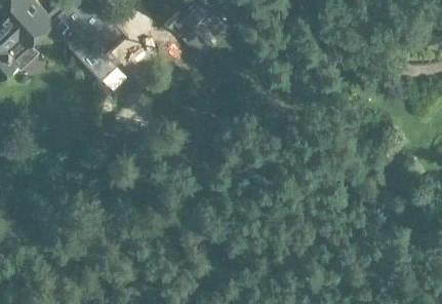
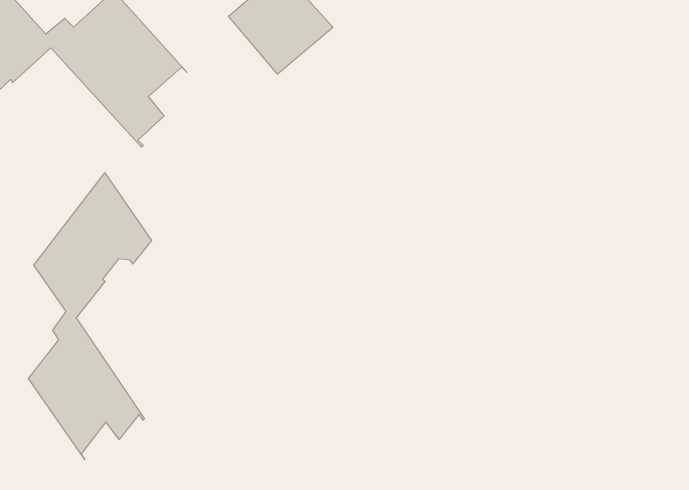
building: none -> [28,173,151,460]

